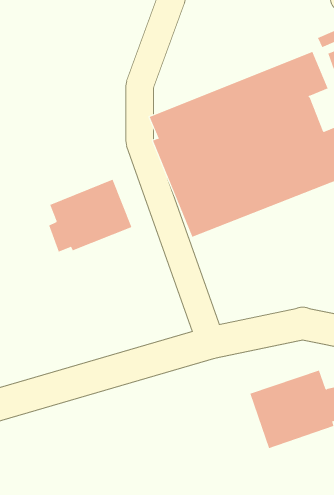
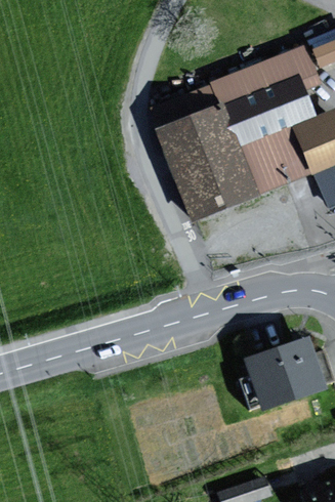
building: [48,179,132,253] -> none

